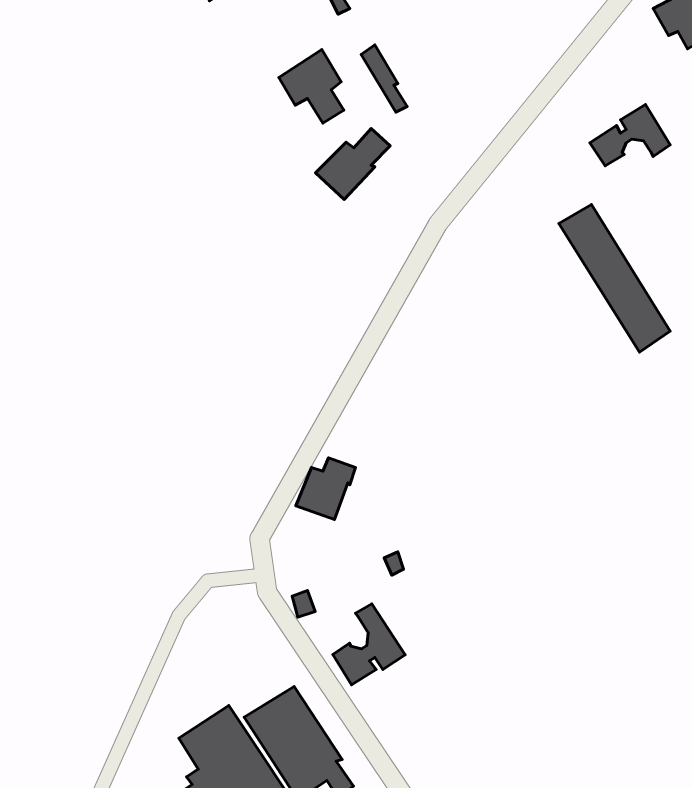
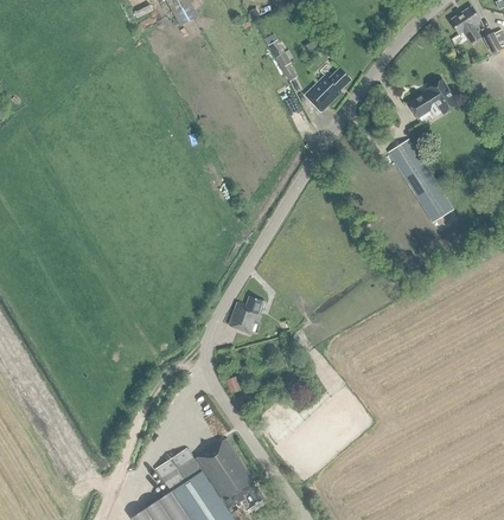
building: [279,50,344,123] -> none
building: [315,129,390,200] -> [305,69,351,113]
building: [333,604,405,685] -> none

